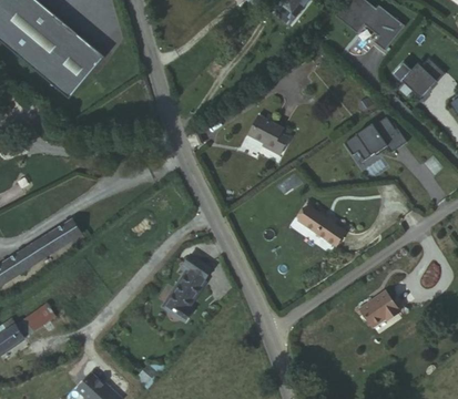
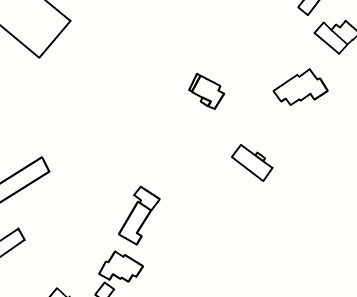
building: [360,290,399,328] -> none
building: none -> [99,251,143,282]

